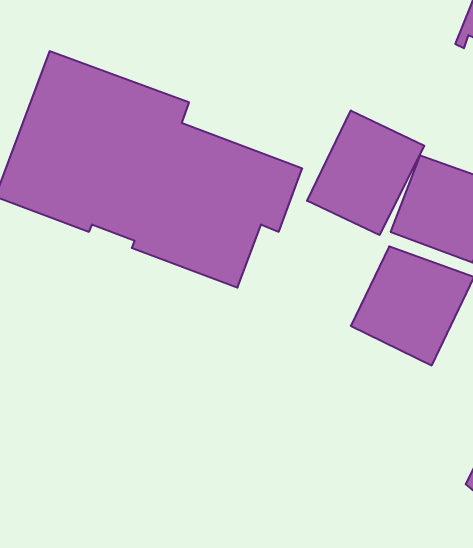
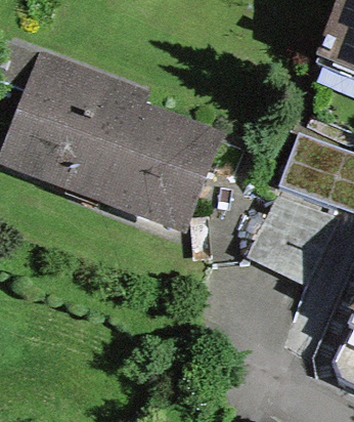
building: [307,110,424,235] -> none

